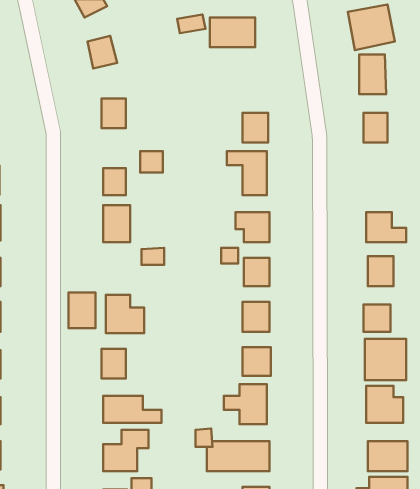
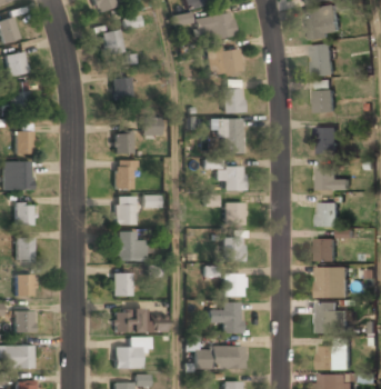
building: none -> [203,48,238,74]
building: none -> [315,127,337,153]
building: [68,292,95,328] -> [111,197,132,225]

